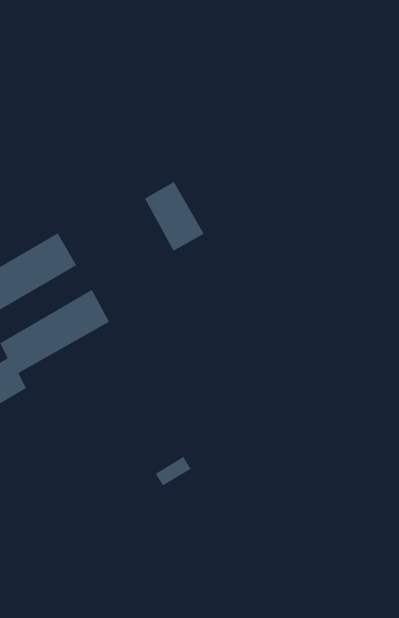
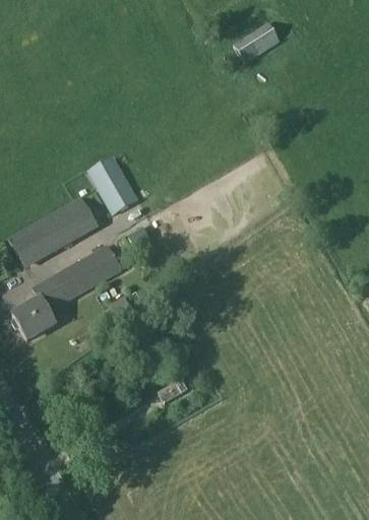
building: none -> [234,23,279,63]
building: [144,181,204,251] -> [88,157,137,214]

